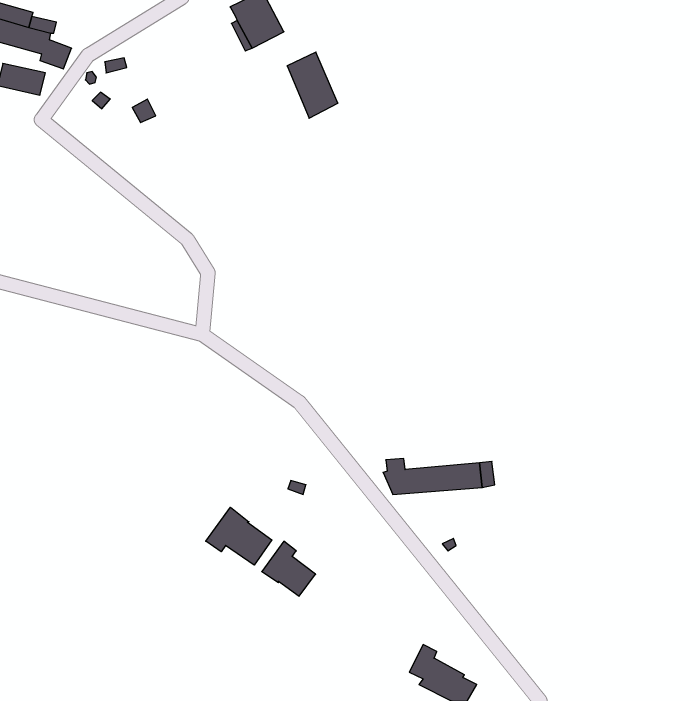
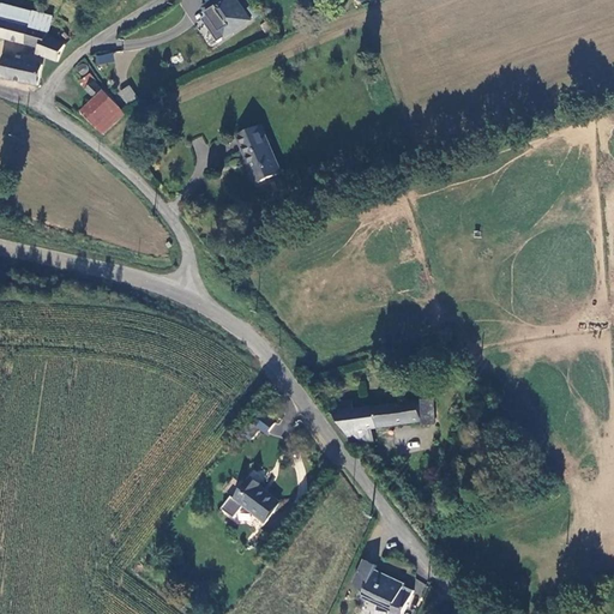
building: [287,52,338,118] -> [236,131,281,188]
building: none -> [79,90,120,132]
building: [206,507,272,565] -> none

